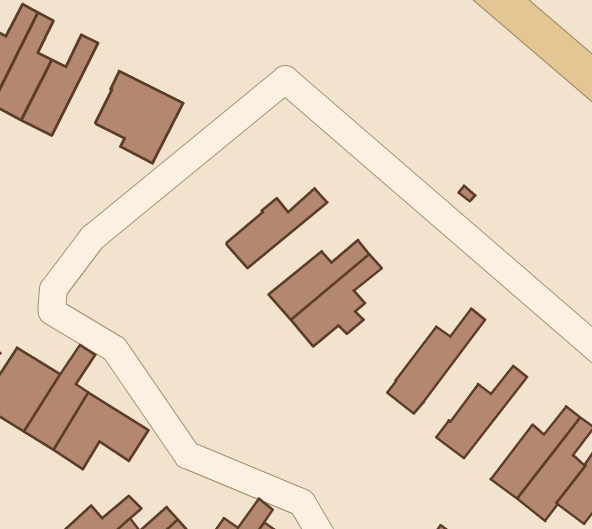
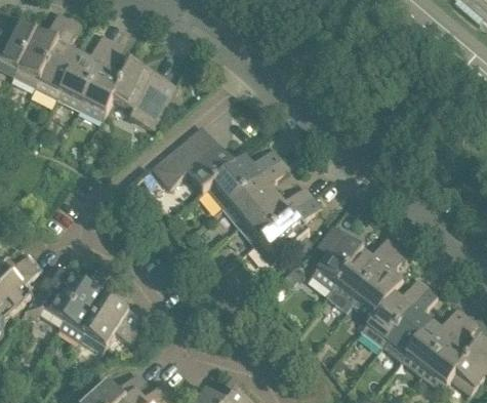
building: none -> [78,40,123,119]
building: none -> [151,125,233,192]
building: none -> [221,157,288,225]
building: none -> [311,226,360,287]
building: none -> [351,243,406,318]
building: none -> [380,285,437,360]

